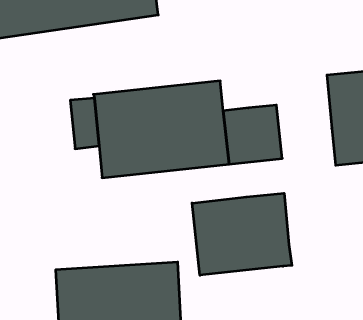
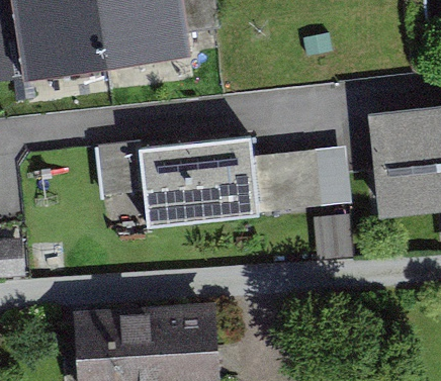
building: [192,193,292,275] -> none

